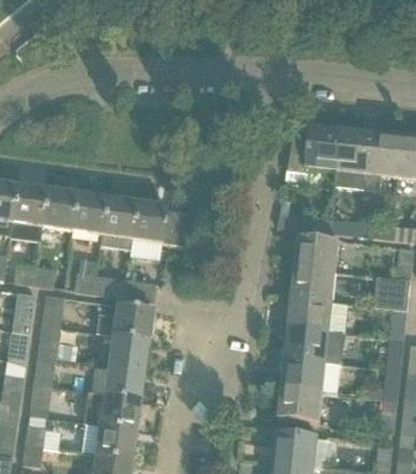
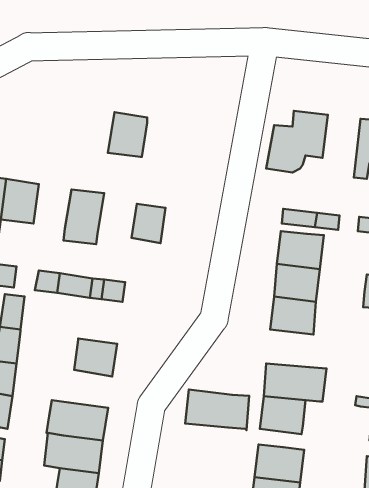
building: [335,128,372,186] -> none
building: [71,192,106,233] -> none
building: [130,200,166,241] -> [108,112,147,157]
building: [95,302,151,338] -> none
building: [285,325,344,362] -> [185,389,249,430]
building: [103,362,143,397] -> none

